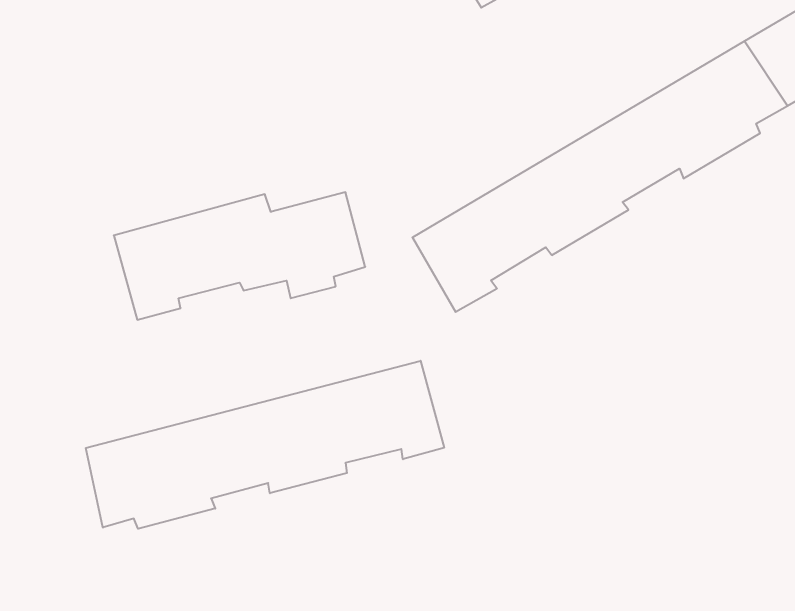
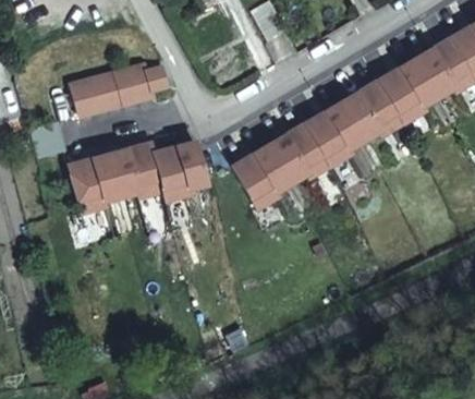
building: none -> [71,64,168,116]
building: [86,361,444,529] -> none

